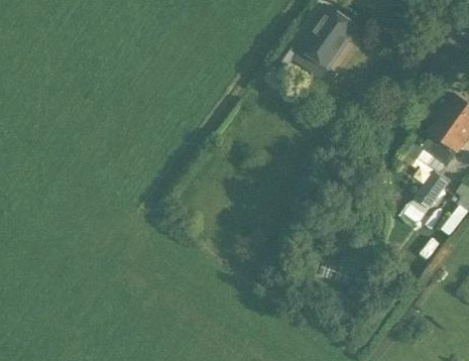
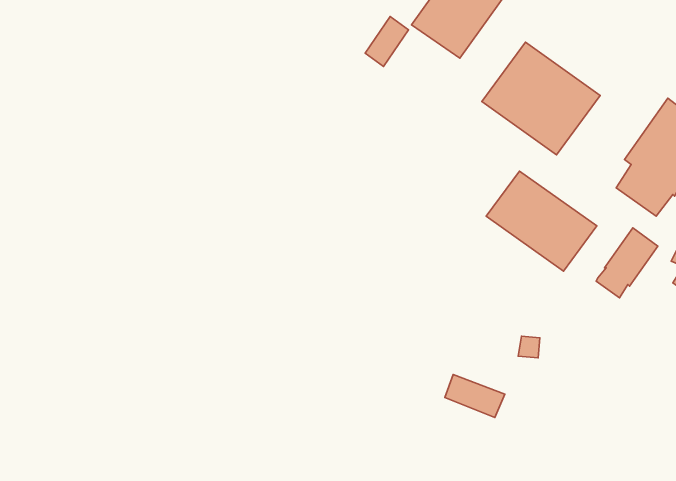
building: none -> [482,42,600,155]
building: none -> [486,171,597,271]

